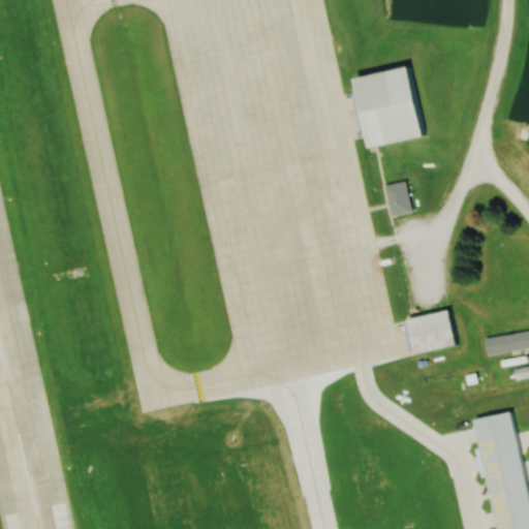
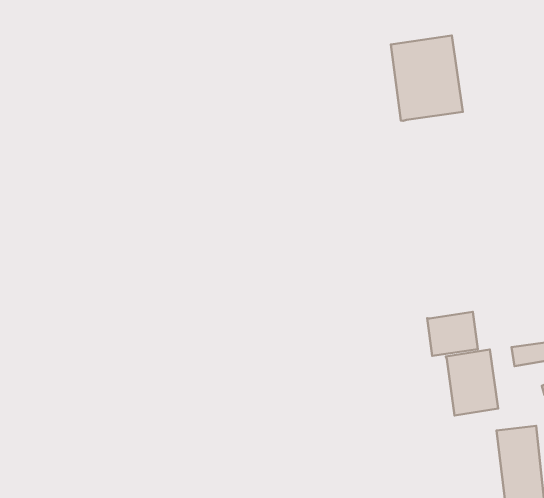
building: [385,186,413,221] -> none
building: none -> [446,350,498,415]

